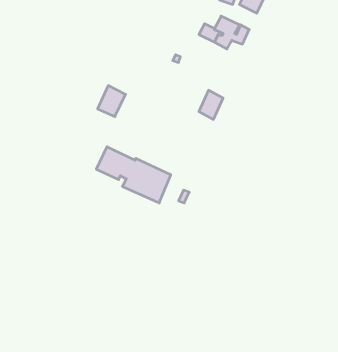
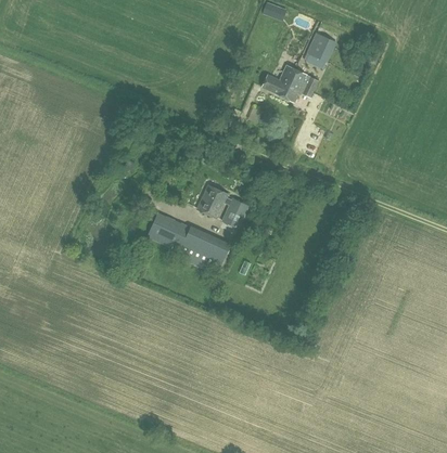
building: [98,86,126,117] -> [196,183,228,218]
building: [199,90,223,119] -> [221,196,248,229]

